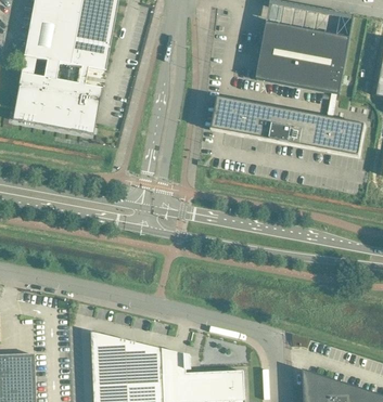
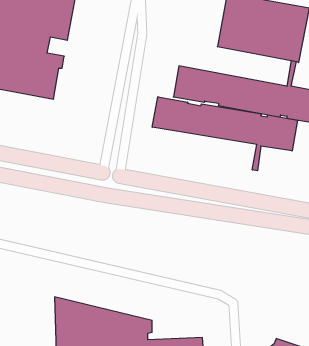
building: none -> [152,97,298,171]

